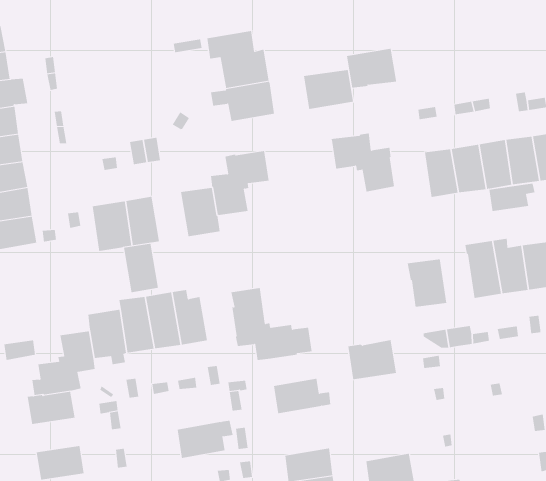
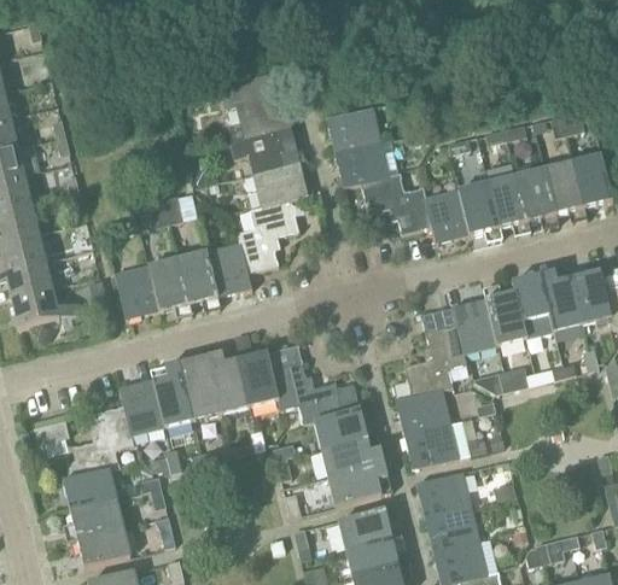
building: [346,48,397,88] -> [334,141,390,187]
building: none -> [253,160,309,207]
building: none -> [425,188,471,244]
building: [489,183,535,212] -> none
building: [123,243,159,293] -> [177,251,218,305]
building: none -> [486,292,525,345]
building: none -> [392,306,467,399]
building: none -> [237,352,278,405]
building: none -> [314,408,367,447]
building: none -> [404,420,488,469]
building: none -> [70,498,123,538]
building: [177,420,234,458] -> [328,462,389,507]
building: none -> [415,473,471,519]

